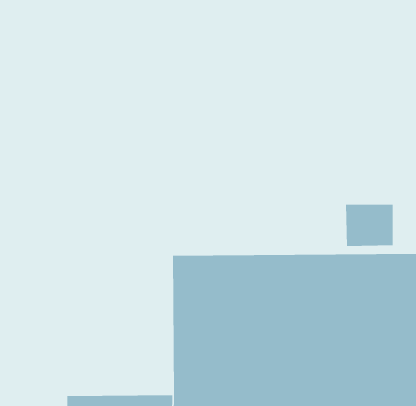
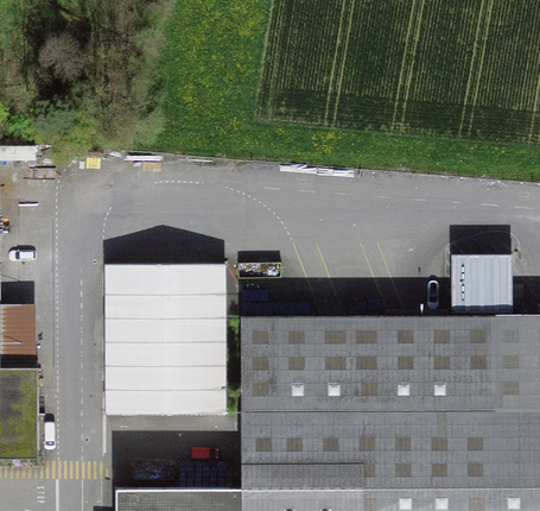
building: none -> [108,264,221,412]

